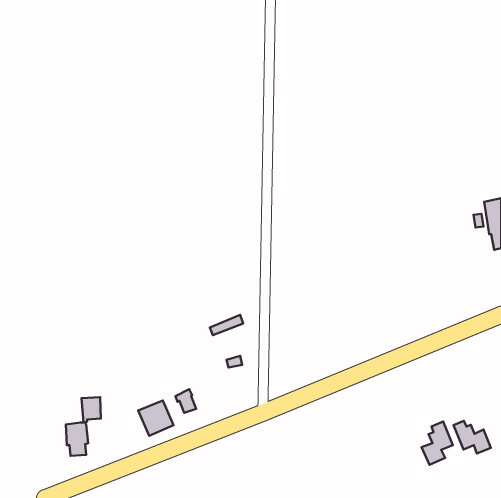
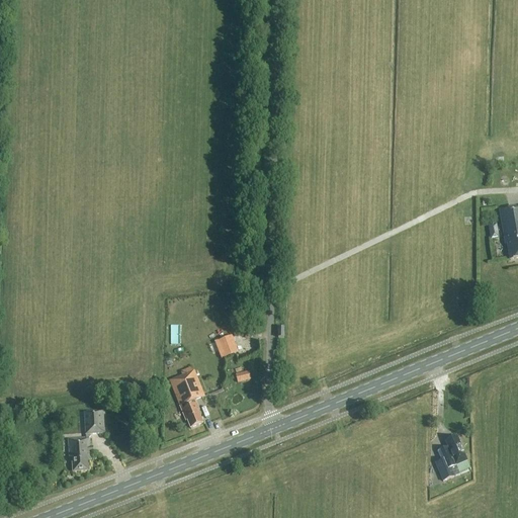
building: [138,401,174,436] -> [169,369,205,406]
building: [453,421,491,454] -> none

